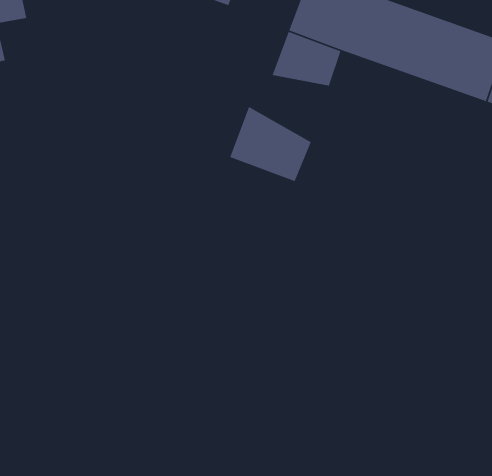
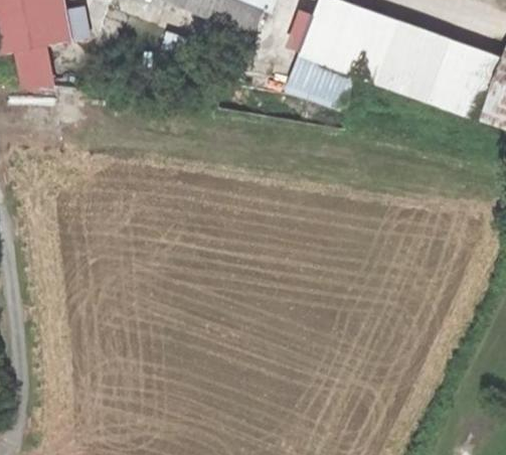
building: [229,106,312,182] -> none

